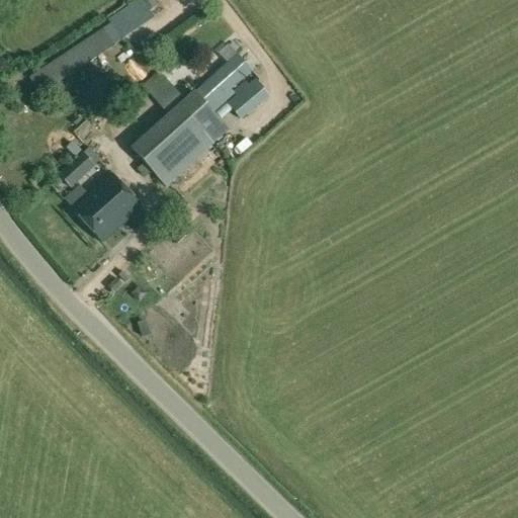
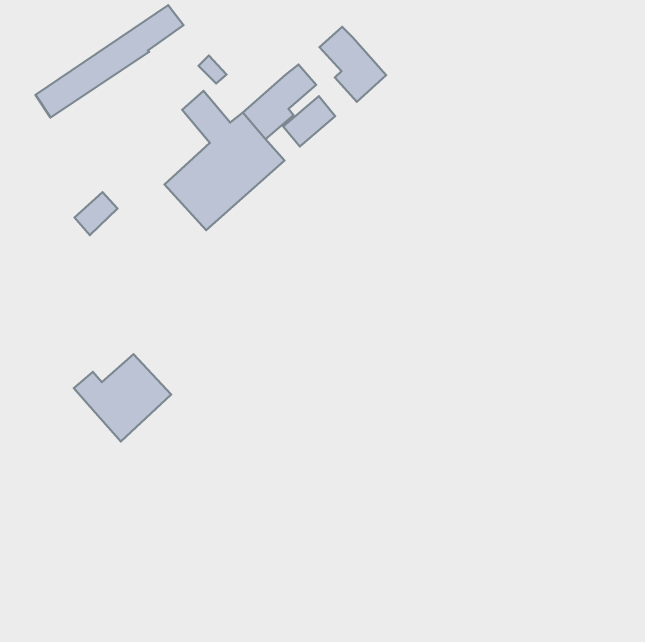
building: none -> [319,27,386,102]
building: [65,171,143,241] -> [74,354,171,441]

